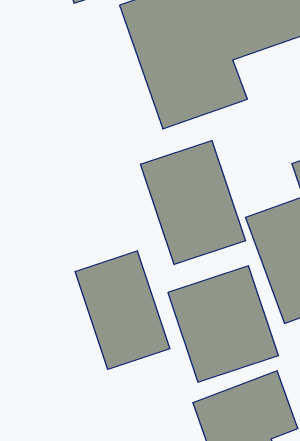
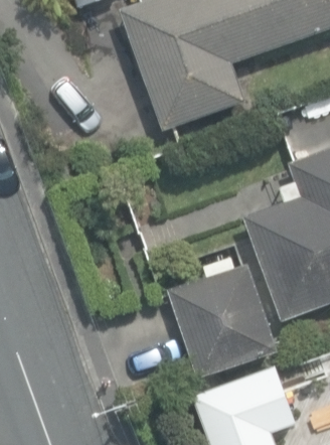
building: [141,140,245,265] -> none
building: [75,251,170,369] -> none

